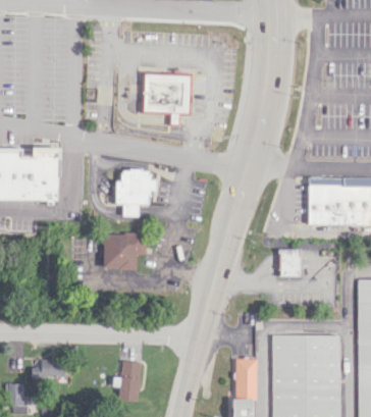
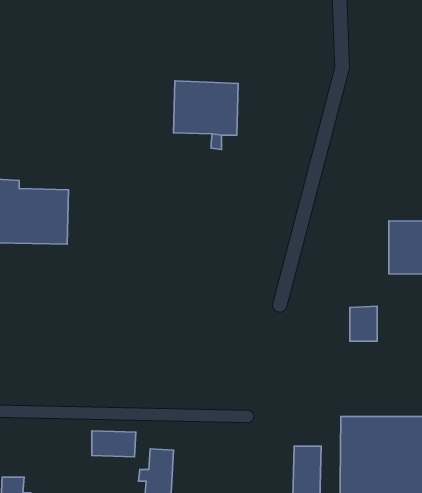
building: [115,166,155,214] -> none
building: [103,232,147,268] -> none
building: [33,358,67,378] -> [92,431,136,457]

